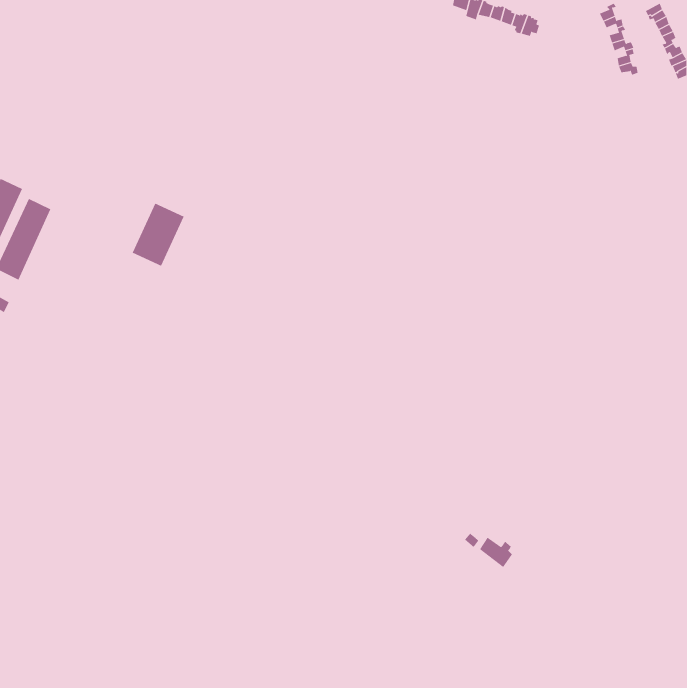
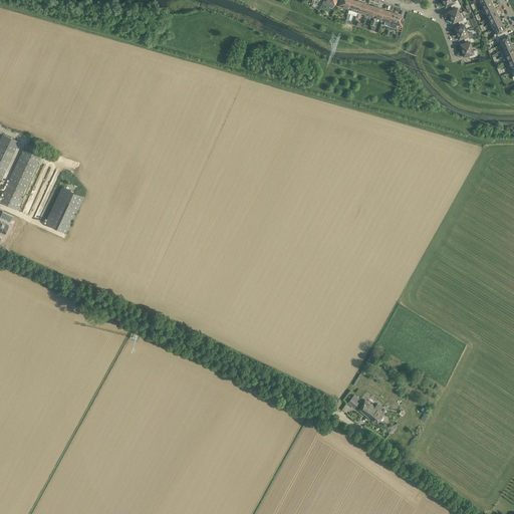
building: [132,203,185,266] -> [43,186,82,233]

